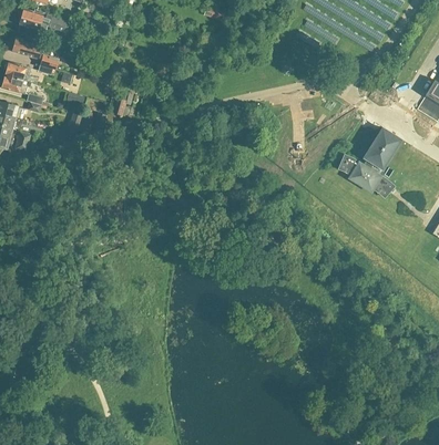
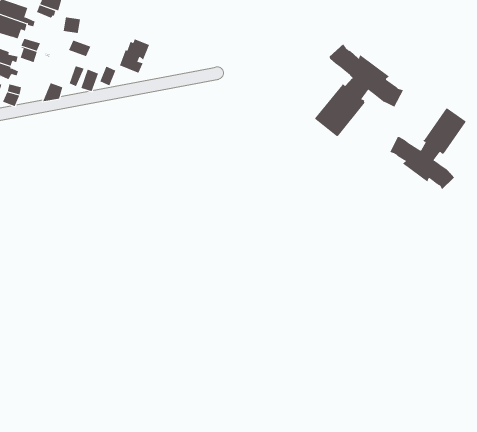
building: none -> [315,44,404,137]

